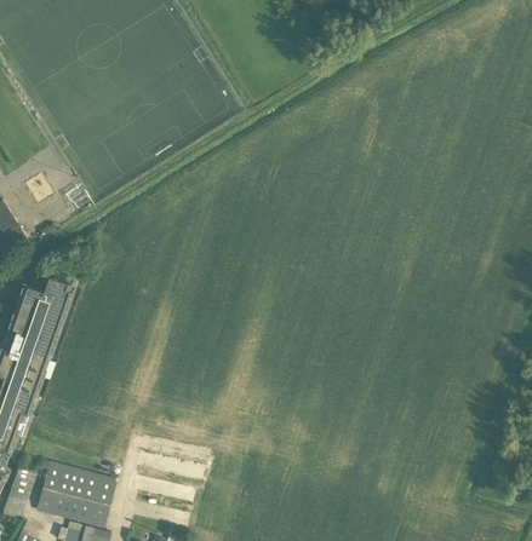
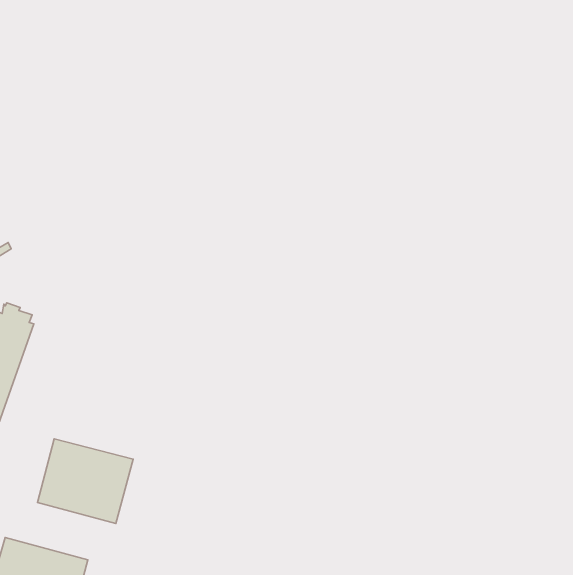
building: none -> [37,439,133,523]

